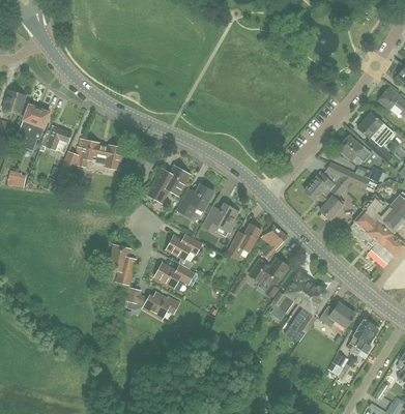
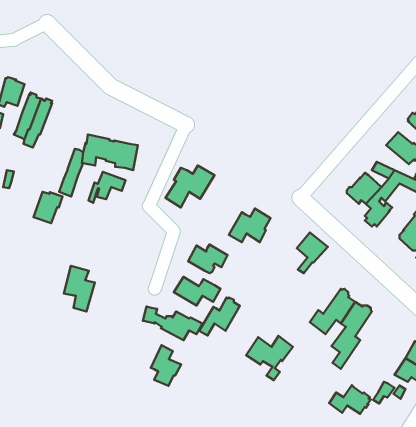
building: [39,125,71,152] -> [88,172,125,203]
building: [177,183,213,217] -> none
building: none -> [33,192,63,223]
building: [226,223,261,256] -> [199,297,240,336]
building: [109,244,136,284] -> [64,266,95,311]
building: [249,257,289,295] -> [246,336,293,380]
building: [319,302,355,327] -> [329,385,371,414]
building: none -> [151,345,181,386]

